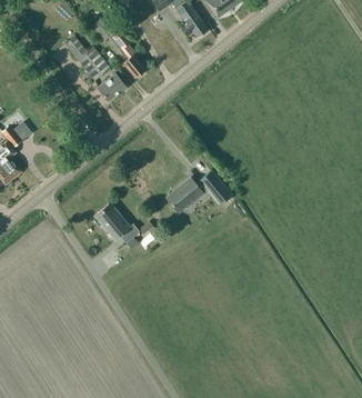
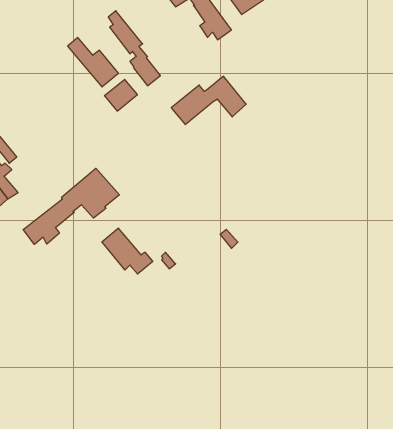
building: none -> [23,168,119,244]
building: [165,170,231,212] -> [171,76,246,125]

